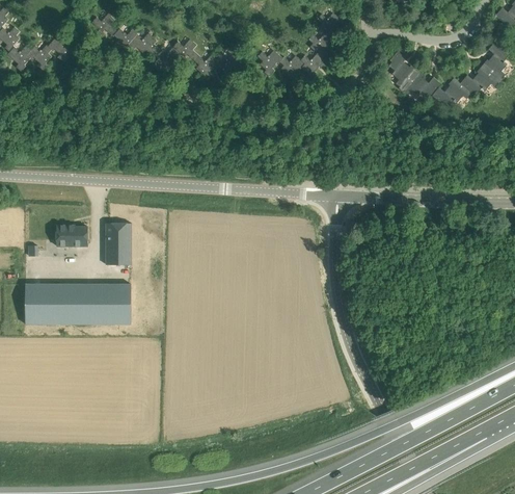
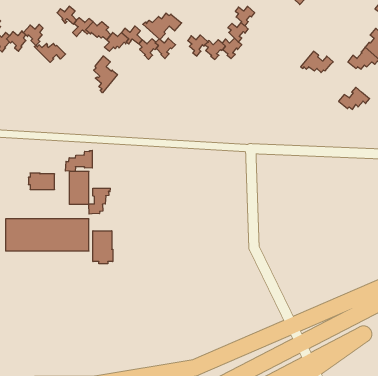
building: none -> [143,13,182,40]
building: [388,49,416,89] -> none
building: none -> [34,43,66,62]
building: none -> [94,56,117,93]
building: [431,77,470,105] -> [339,87,370,109]
building: none -> [65,150,92,171]
building: none -> [89,188,110,214]
building: none -> [93,231,113,264]

